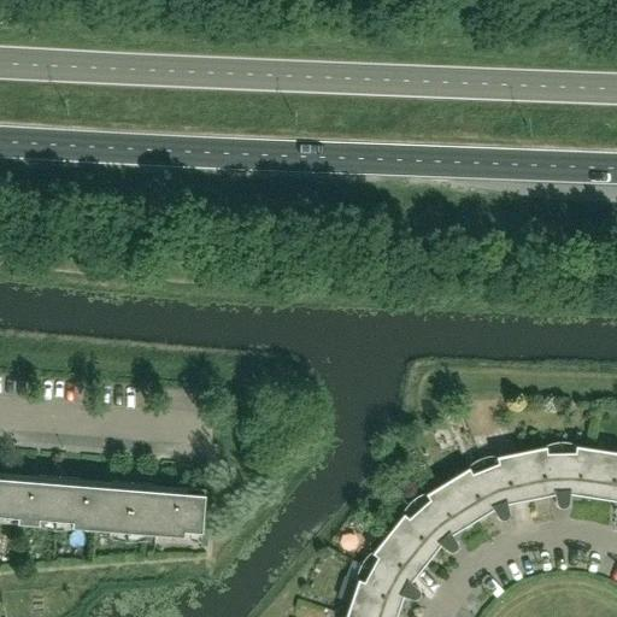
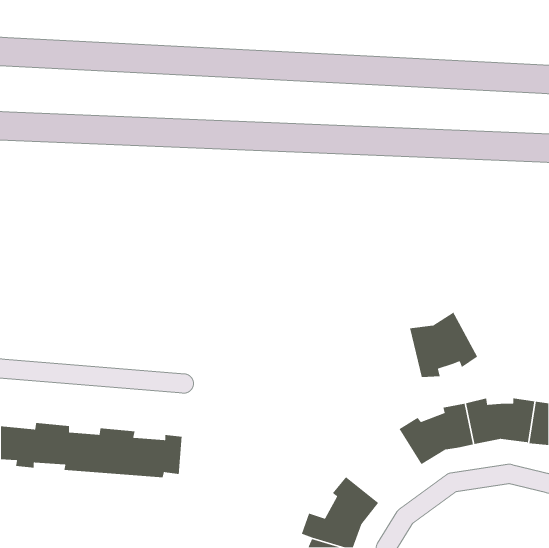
building: none -> [409,311,478,378]
building: [388,481,472,564] -> none

